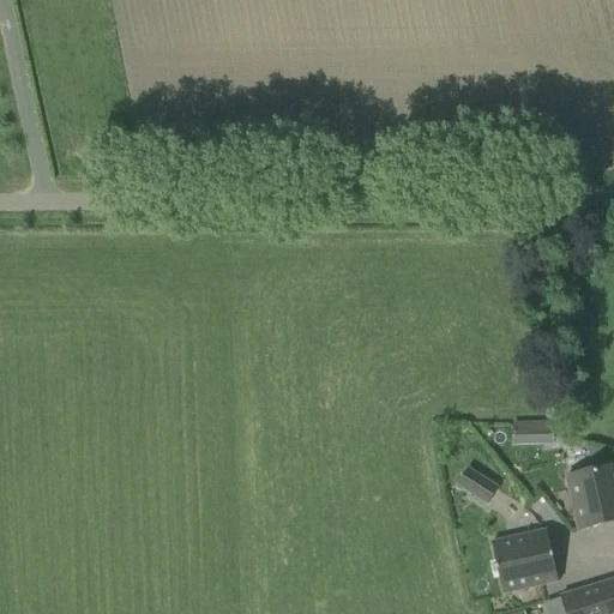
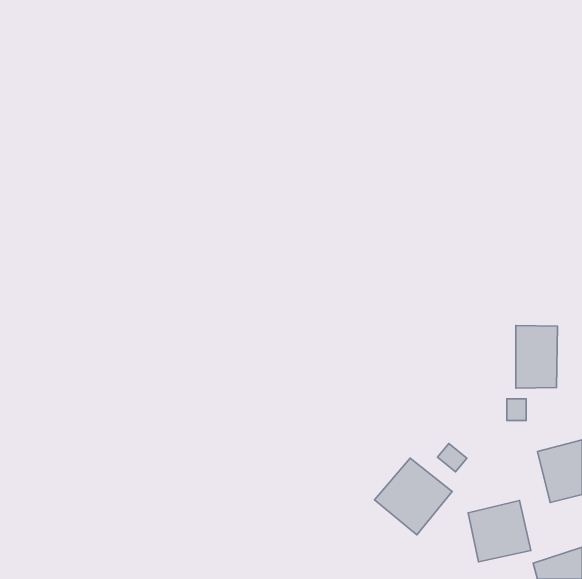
building: none -> [516,325,558,388]
building: none -> [374,458,452,535]

